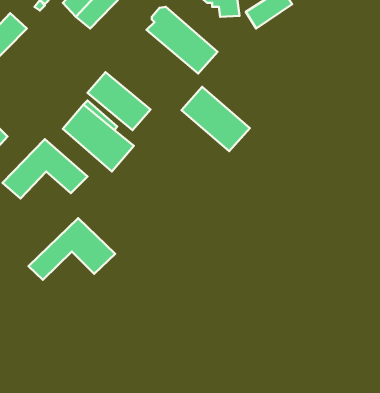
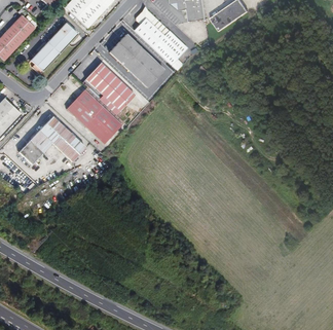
building: none -> [30,25,77,75]
building: [181,87,250,151] -> [108,35,162,86]
building: [28,218,115,280] -> none

